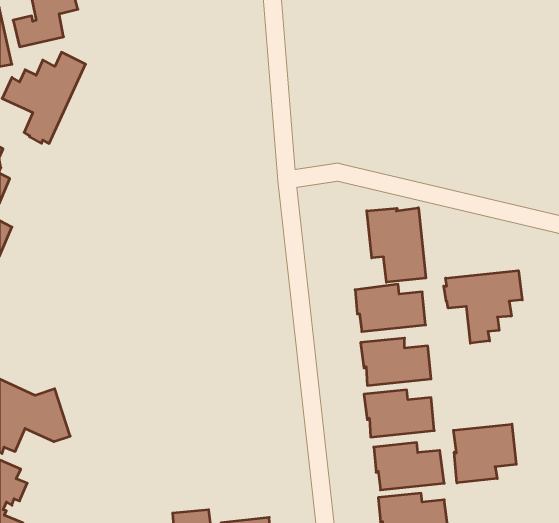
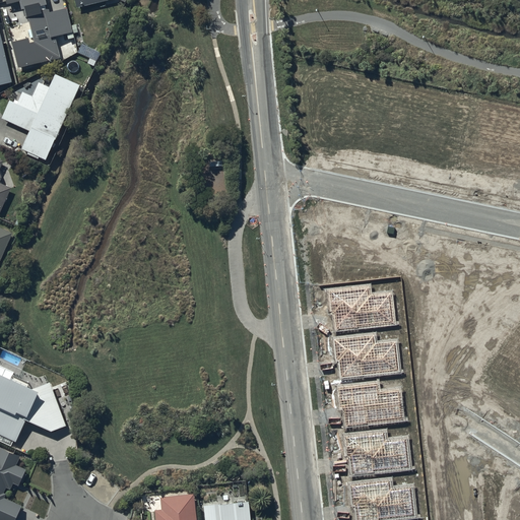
building: [367,208,426,282] -> none
building: [444,271,522,343] -> none
building: [453,424,516,483] -> none

